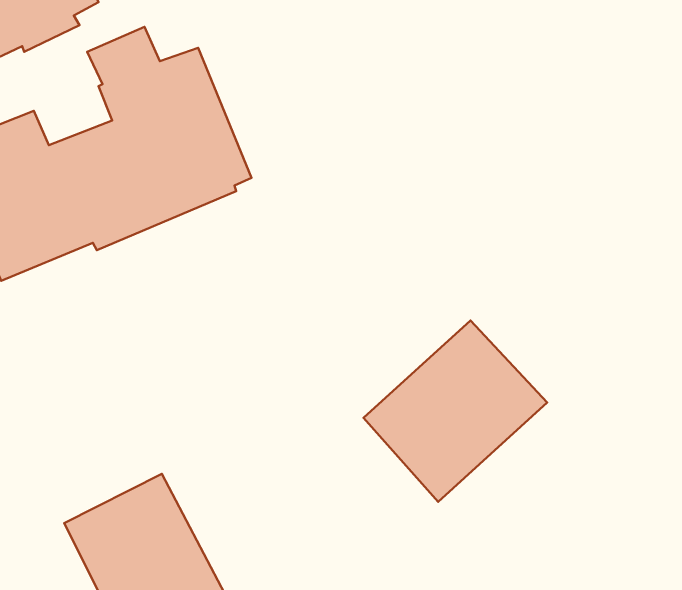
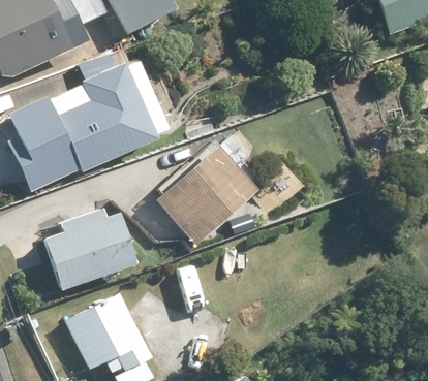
building: none -> [50,208,137,288]
building: [364,320,547,502] -> [156,147,255,245]

